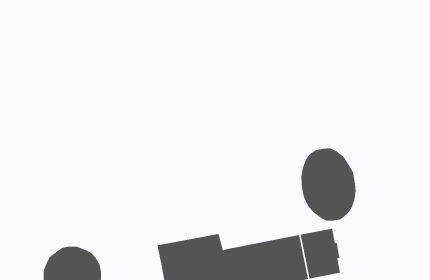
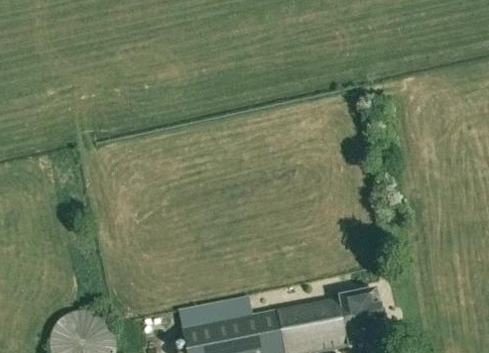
building: [301,148,356,221] -> none

